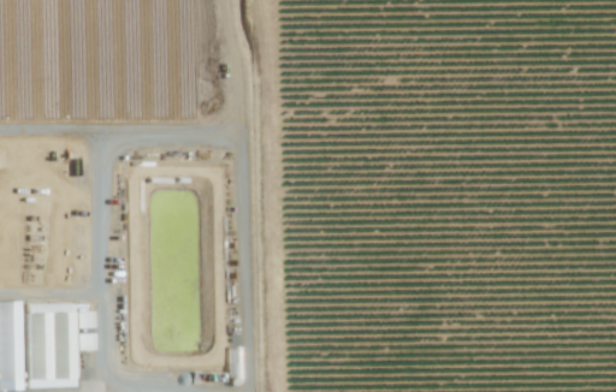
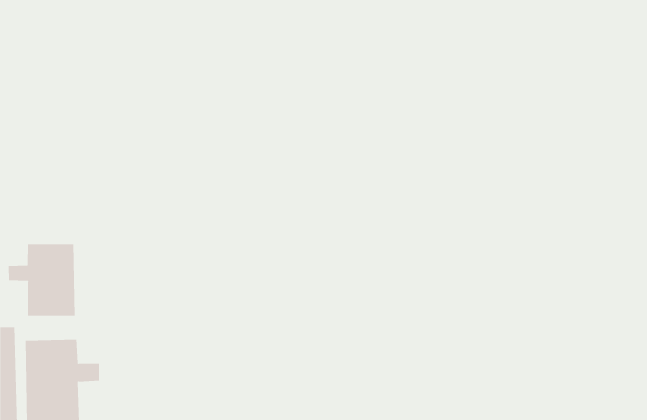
building: none -> [8,243,75,317]

